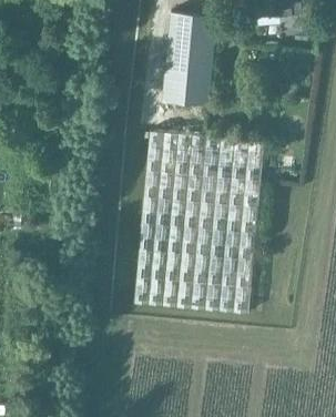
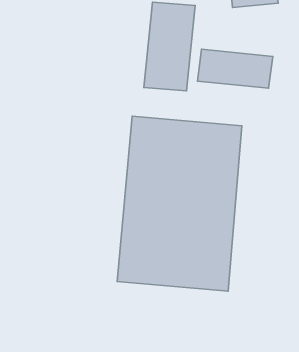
building: none -> [197,49,273,88]

